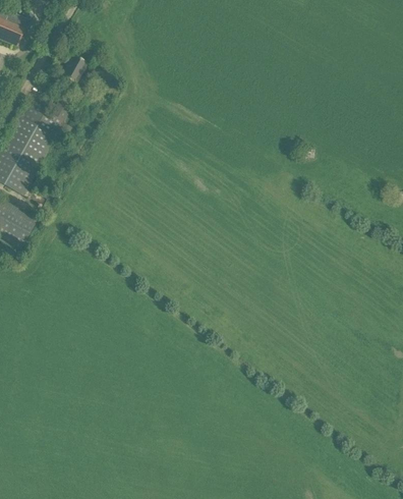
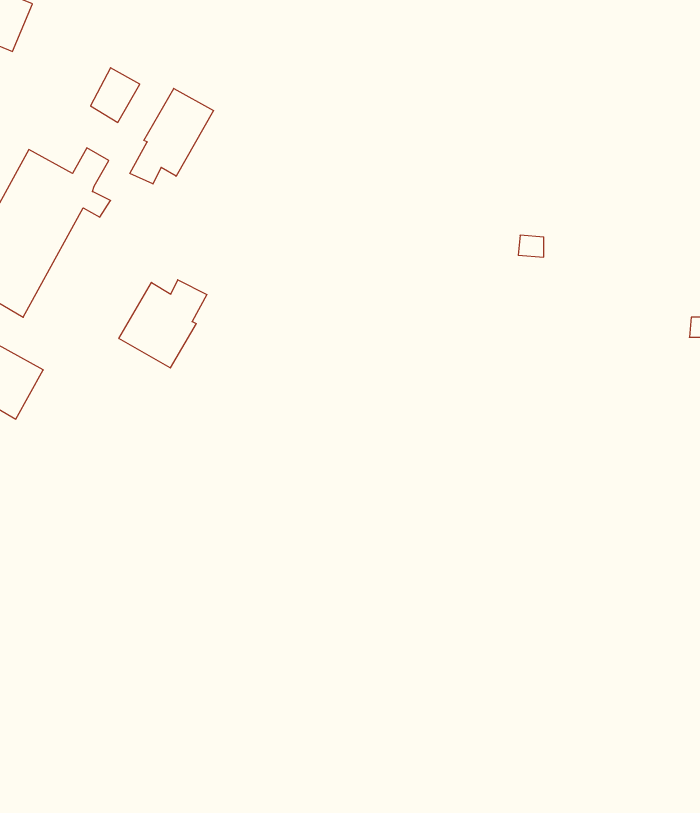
building: none -> [130,88,214,184]
building: none -> [119,280,207,368]

